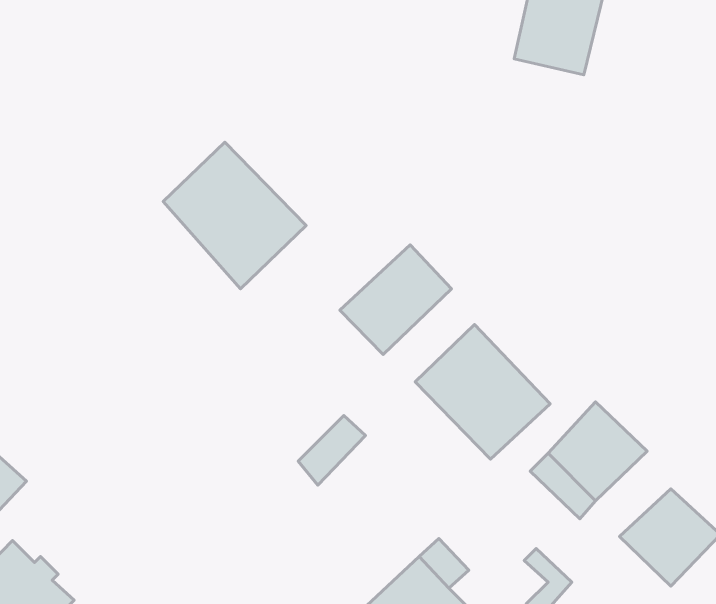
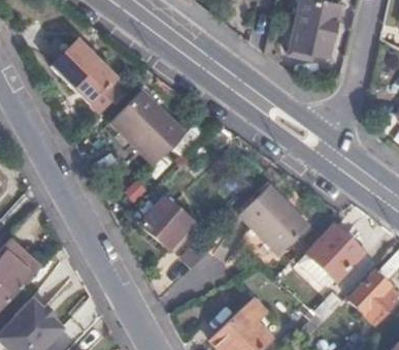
building: none -> [54,44,124,113]
building: [340,245,451,355] -> none
building: none -> [141,199,192,249]

